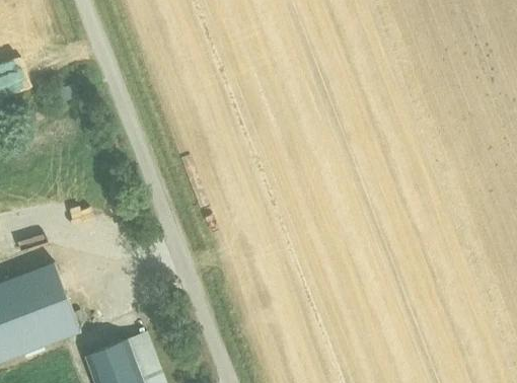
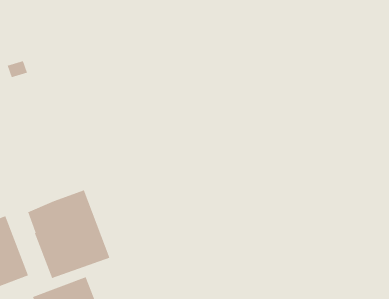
building: none -> [27,190,110,279]

